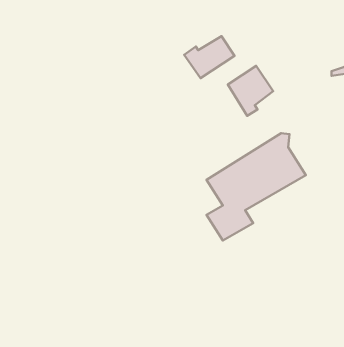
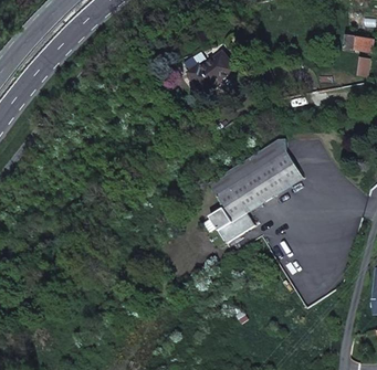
building: [228,66,273,116] -> none

